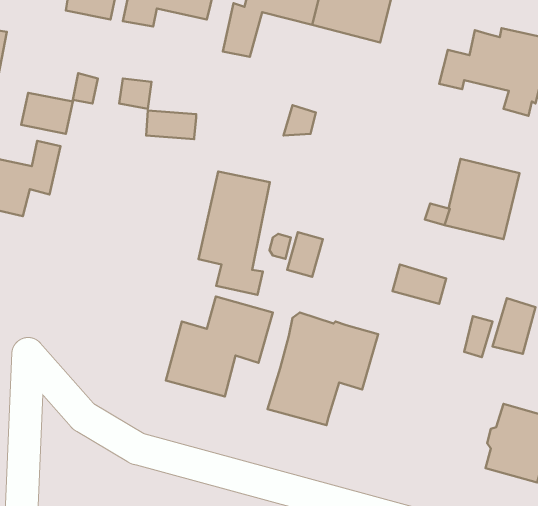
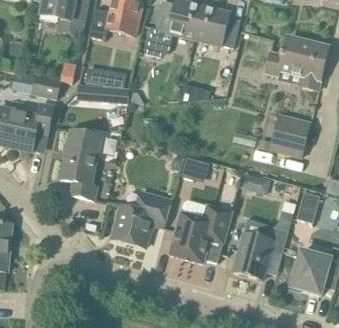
building: [198,171,270,295] -> [60,129,100,198]
building: none -> [233,224,288,278]

